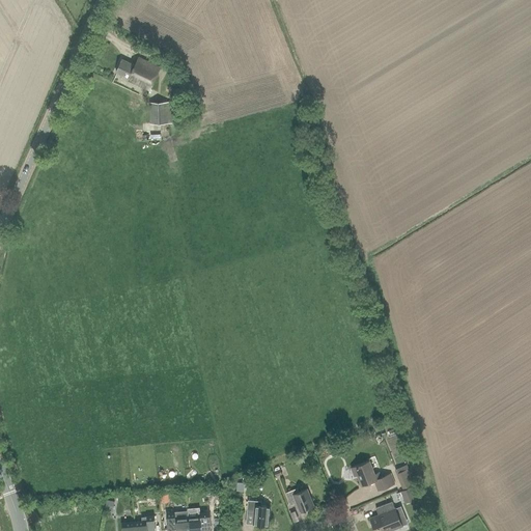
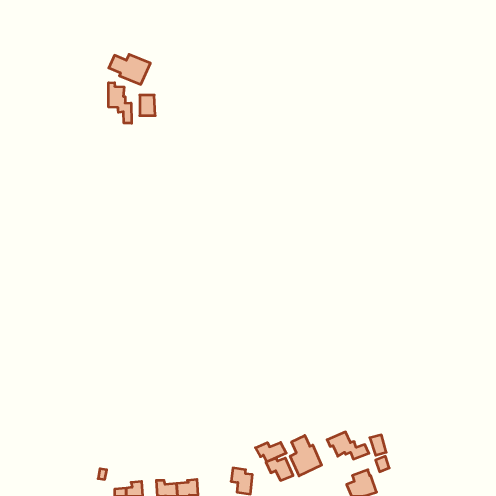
building: none -> [109,83,132,123]
building: none -> [290,435,322,476]
building: none -> [255,442,286,462]

